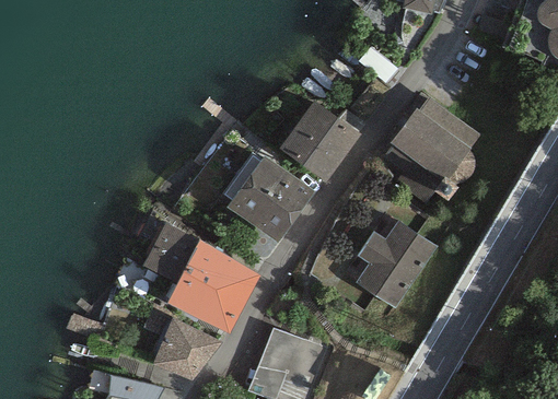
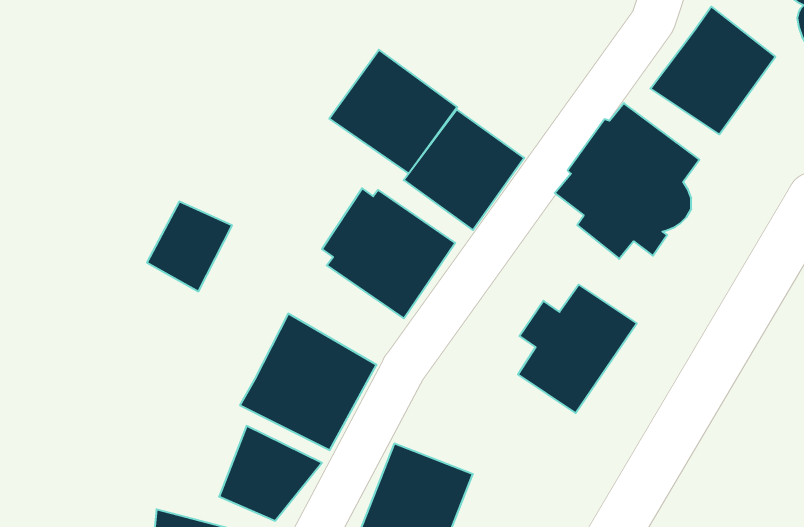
building: none -> [650,7,775,134]
building: none -> [329,50,457,174]
building: [141,223,199,284] -> [147,202,232,291]

